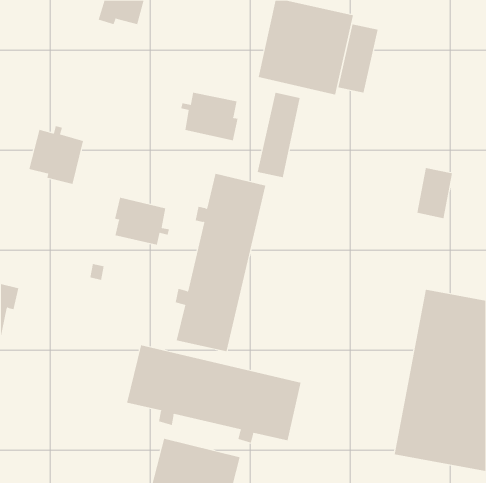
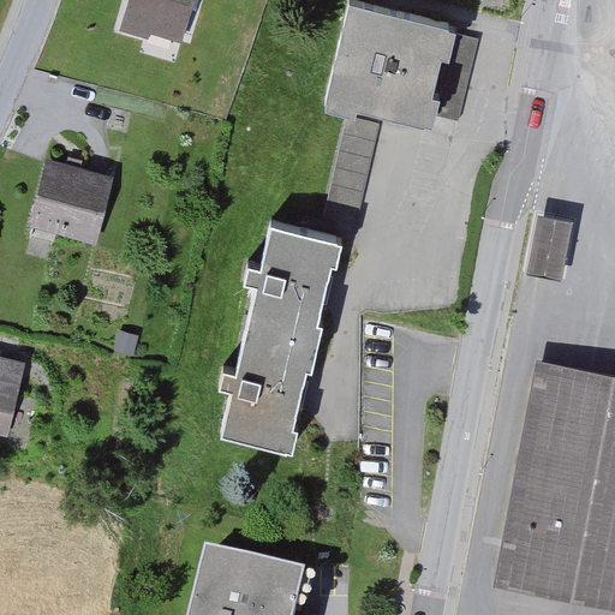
building: [181,92,238,141] -> none
building: [115,197,169,246] -> none
building: [127,345,301,443] -> none

